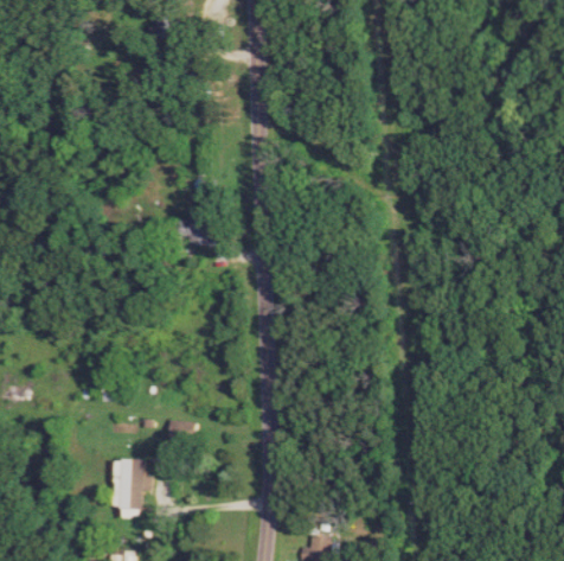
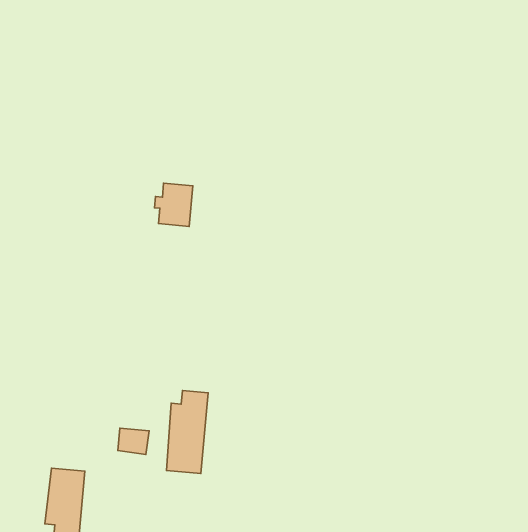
building: none -> [166,391,208,474]

